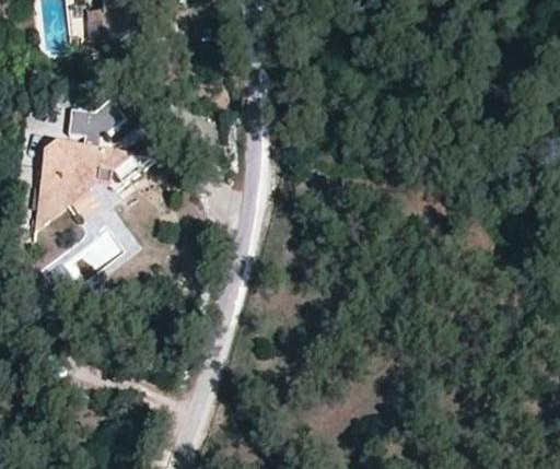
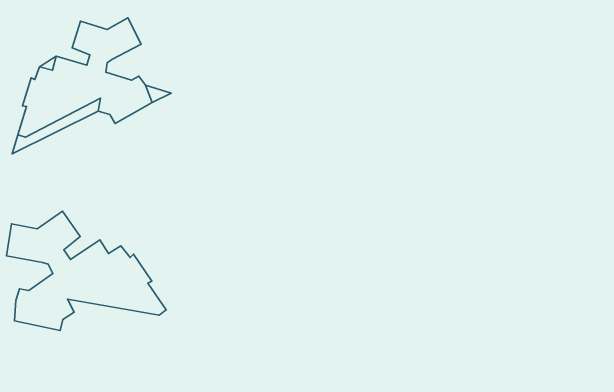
building: none -> [6,211,166,331]

